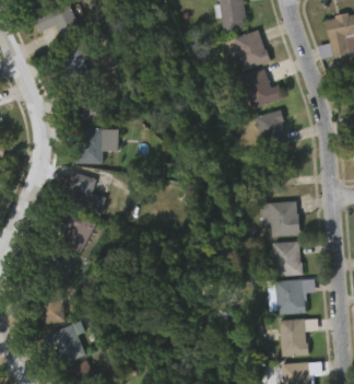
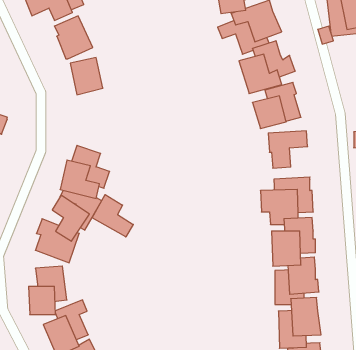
building: [76,127,104,161] -> none
building: none -> [92,195,133,237]

